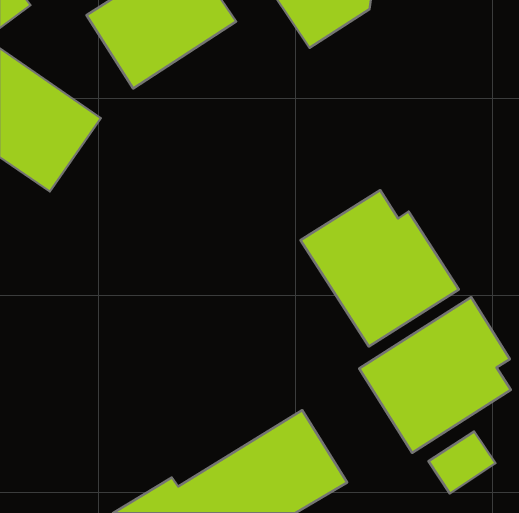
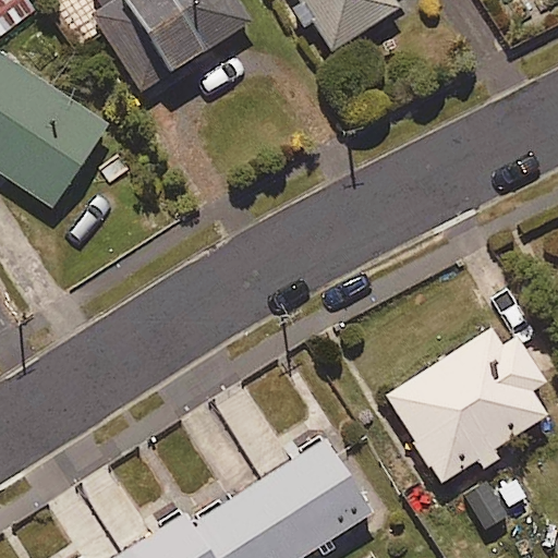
building: [301,190,459,347] -> none

